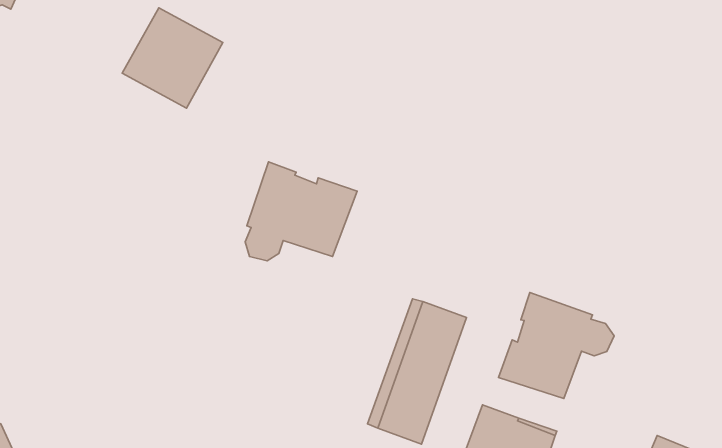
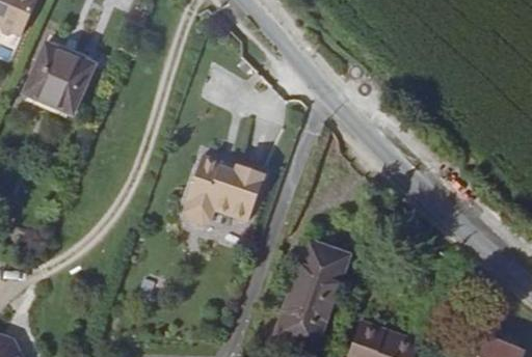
building: [122,8,223,108] -> [23,40,95,112]
building: [498,293,614,398] -> none

